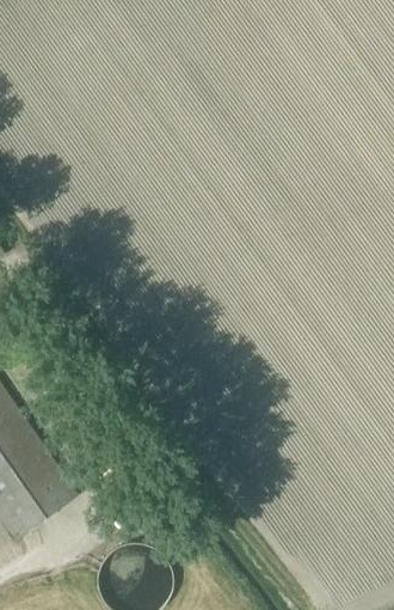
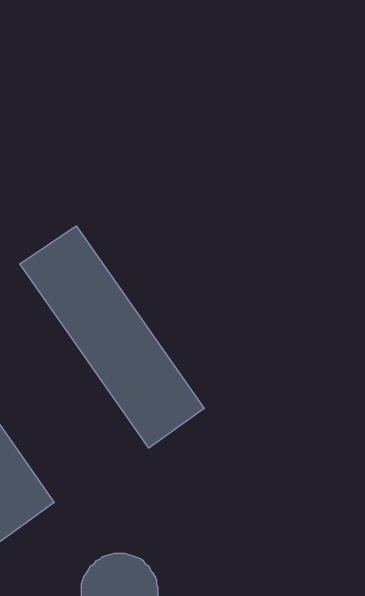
building: none -> [20,226,204,448]

